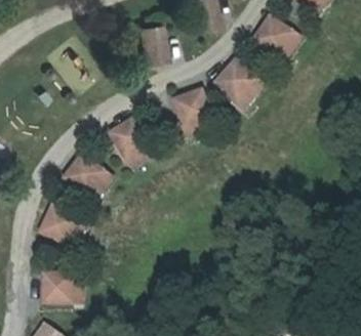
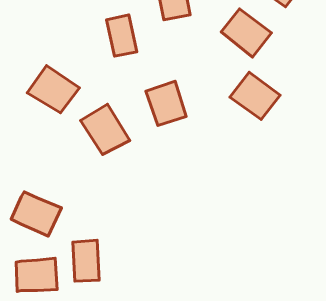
building: [214,59,266,108] -> [230,72,280,119]
building: [64,151,117,199] -> [27,66,80,113]
building: none -> [73,240,99,281]

